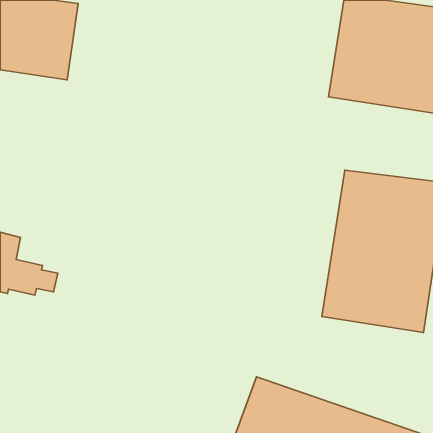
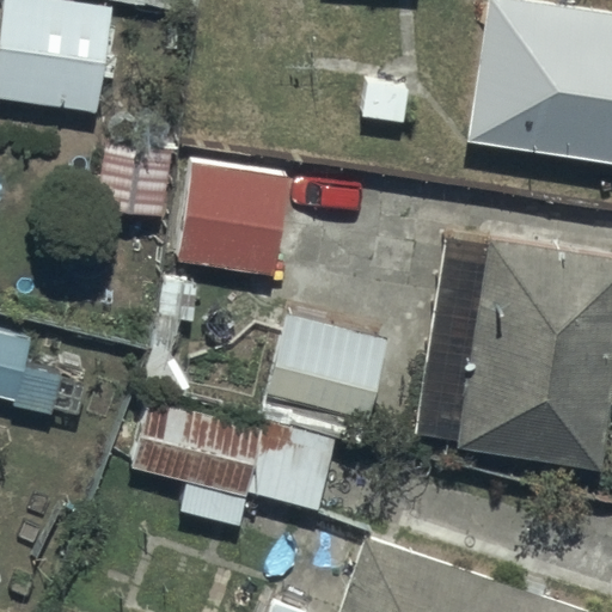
building: none -> [173,143,287,273]
building: none -> [267,314,385,422]
building: none -> [130,398,333,527]

